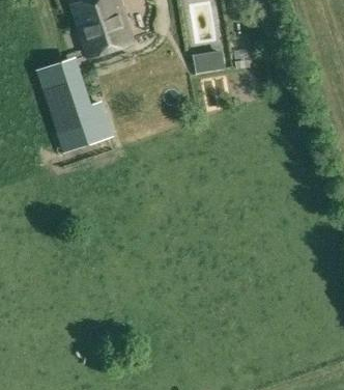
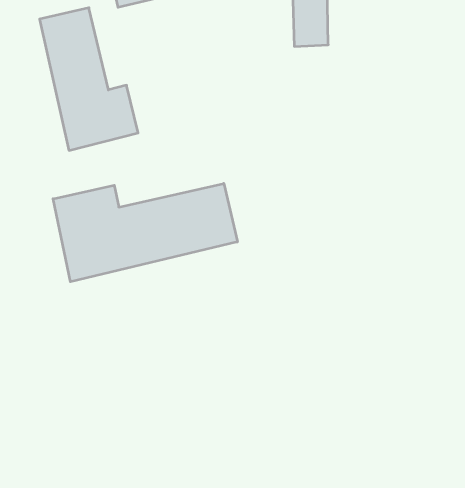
building: none -> [53,183,237,282]

